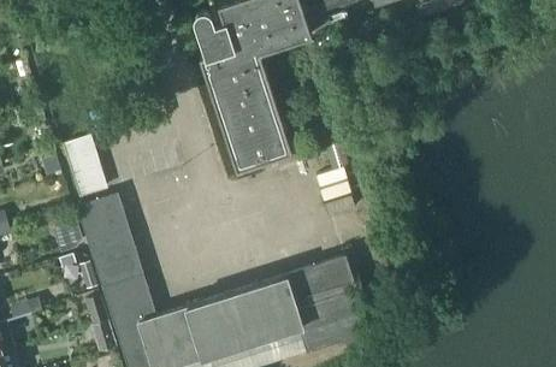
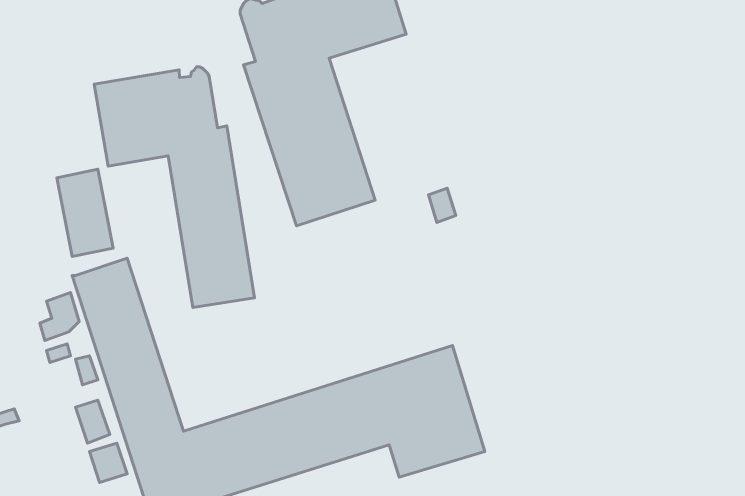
building: none -> [94,67,254,307]

